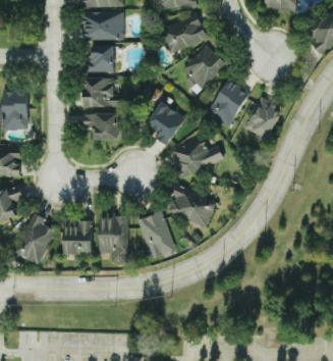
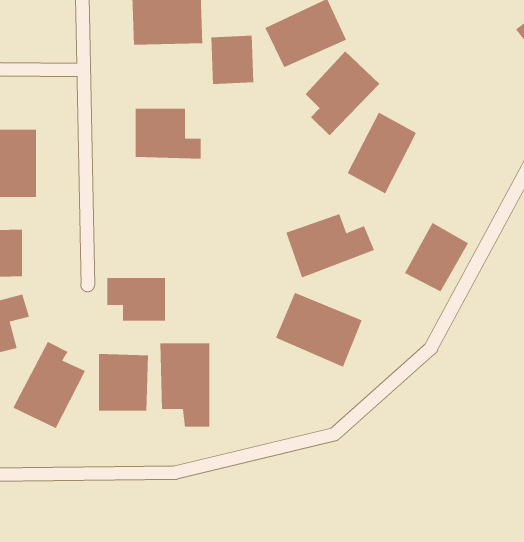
building: [88,45,113,73] -> [210,35,254,84]
building: [244,98,282,139] -> [404,222,469,292]
building: [146,102,183,145] -> none
building: [82,113,117,139] -> [106,277,166,321]
building: [136,211,175,259] -> none

